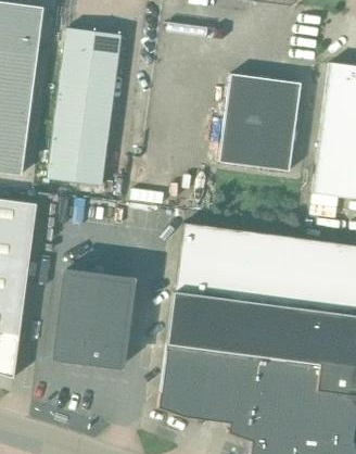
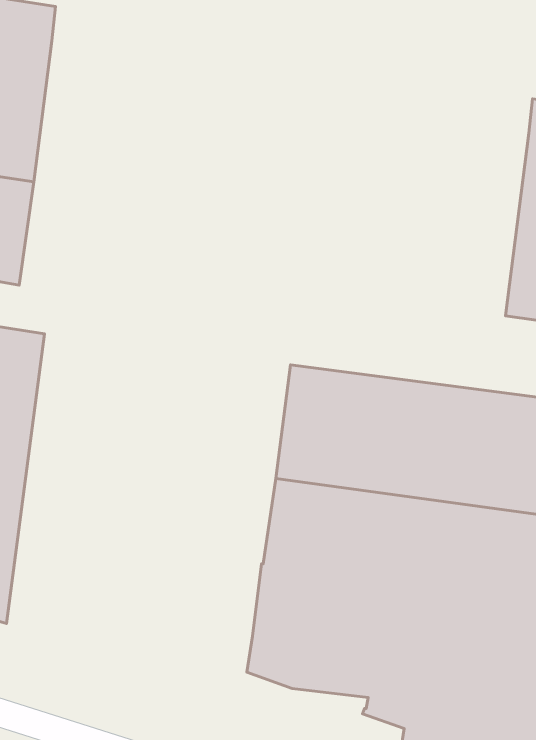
building: [48,28,120,186] -> none
building: [218,74,300,171] -> none
building: [53,270,132,367] -> none

